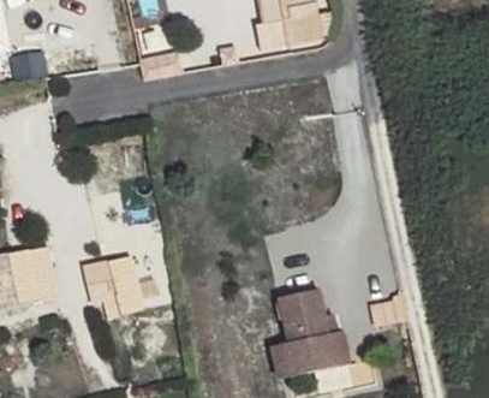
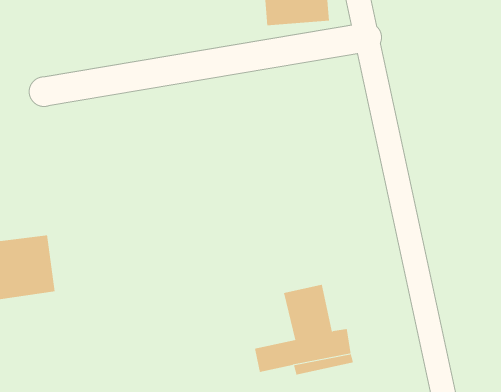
building: [80,251,148,314] -> none

